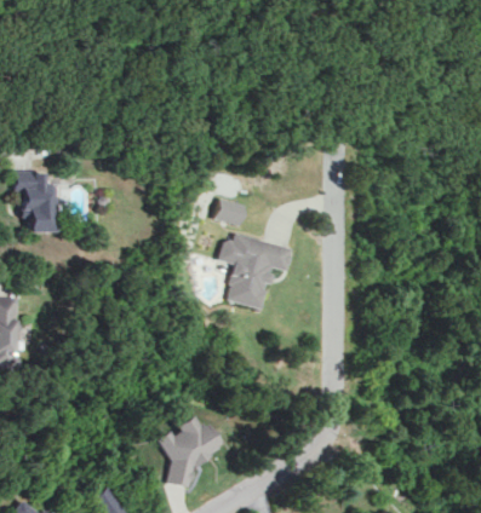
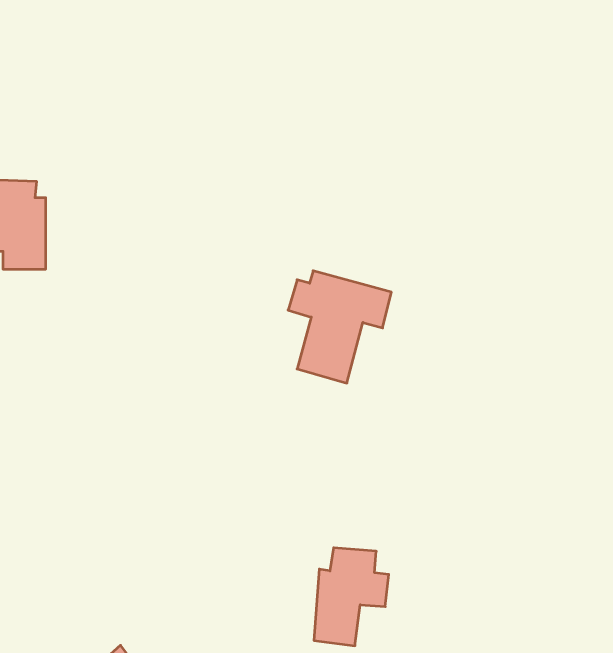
building: [217,197,247,224] -> none
building: [166,420,217,486] -> [314,548,389,646]

